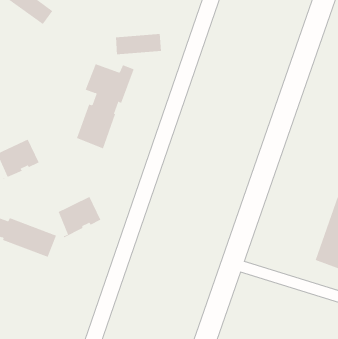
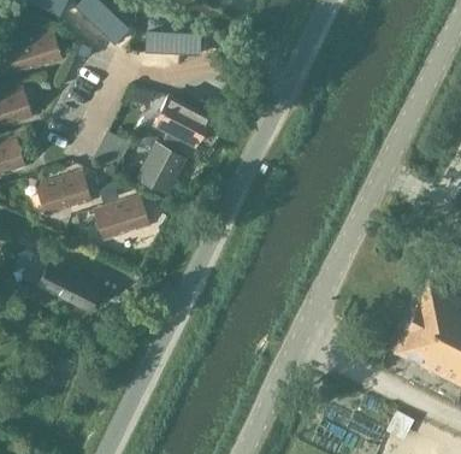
building: [115,34,162,55] -> [147,31,201,54]
building: [53,196,101,238] -> [95,196,149,241]

